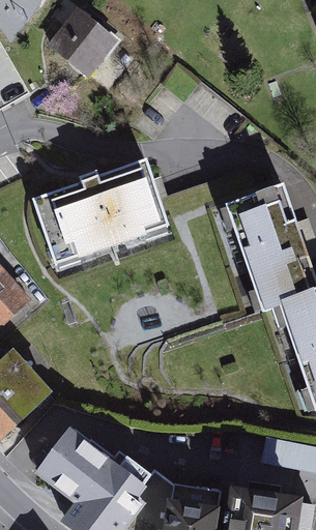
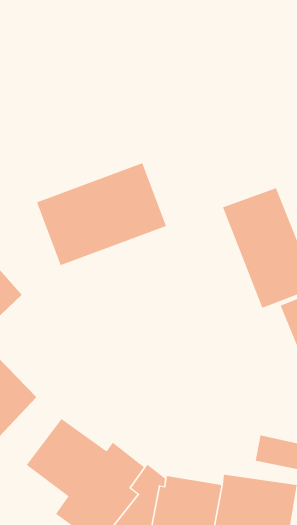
building: [42,17,115,88] -> none

